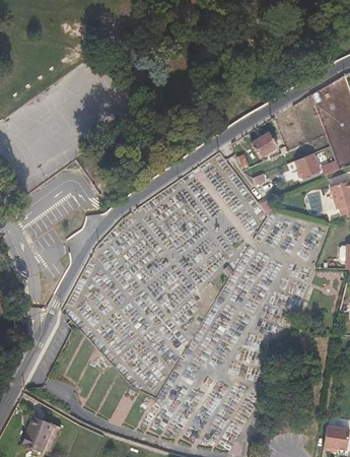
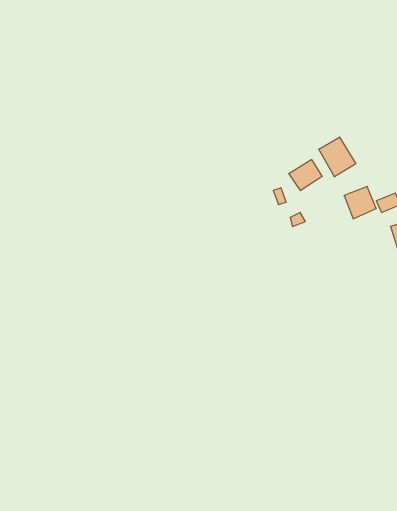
building: none -> [319,137,356,177]

